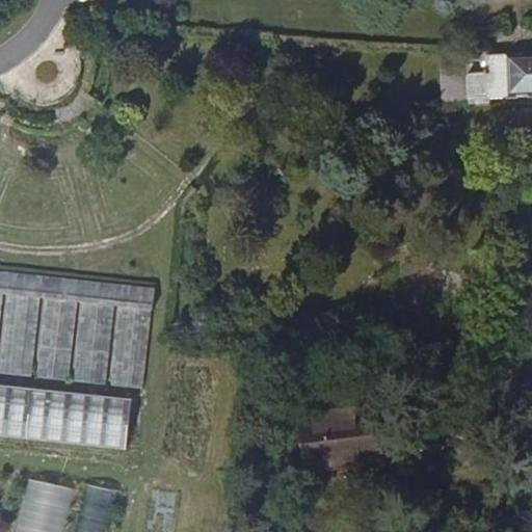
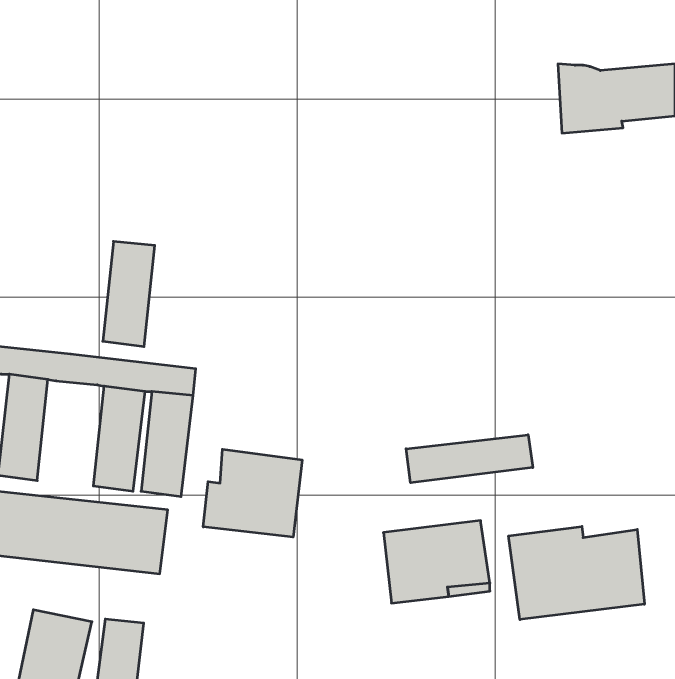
building: [35,298,76,380] -> [103,241,155,347]
building: none -> [406,435,533,483]
building: none -> [203,449,302,537]
building: none -> [509,526,644,620]

